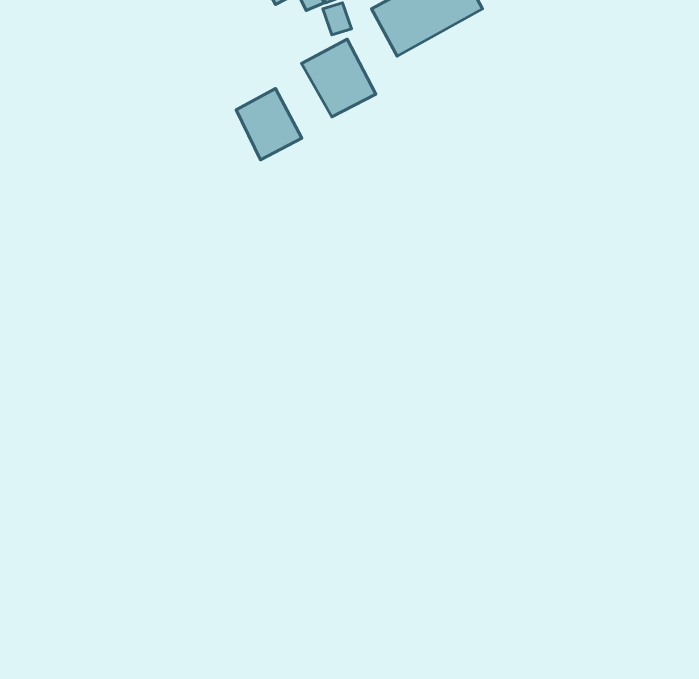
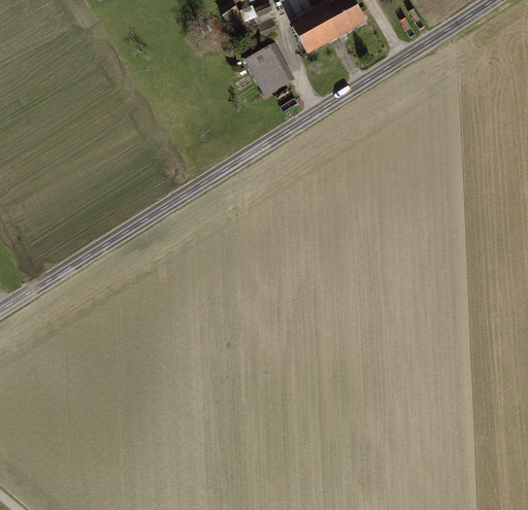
building: [236,89,302,160] -> none

